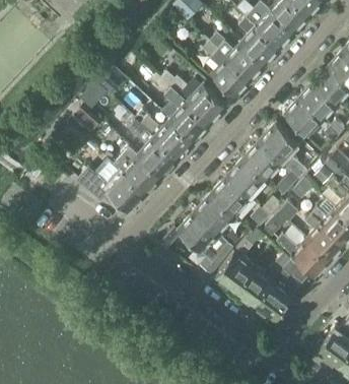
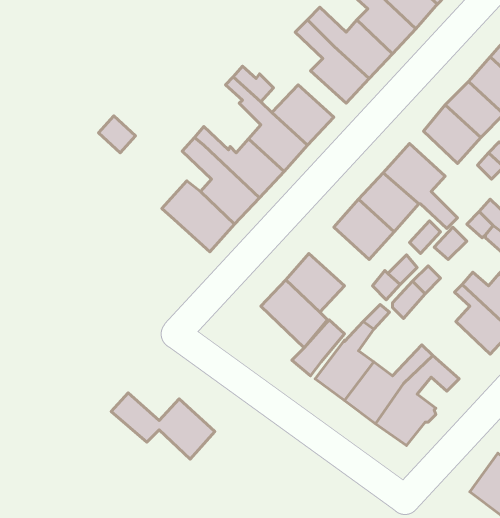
building: [78,168,146,211] -> [111,393,215,459]
building: [211,177,251,215] -> none
building: [277,234,330,276] -> none

